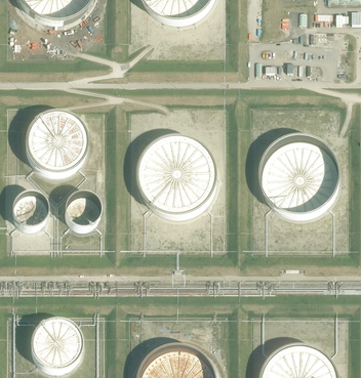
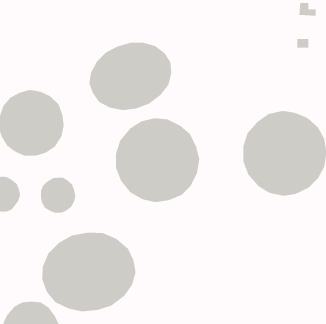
building: none -> [89,42,172,111]
building: none -> [42,232,136,312]

